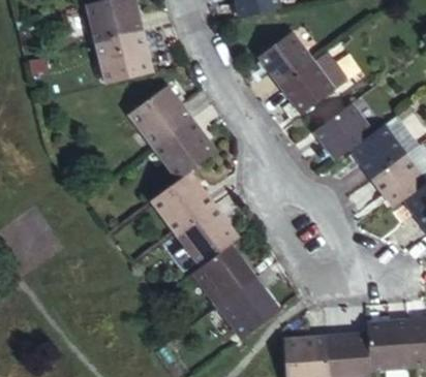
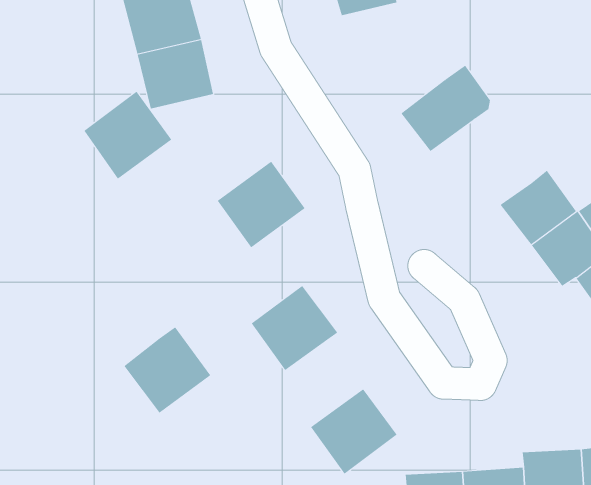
building: [258,31,312,86] -> none
building: [129,85,191,147] -> [83,91,172,180]
building: [314,105,372,160] -> none
building: [152,171,213,232] -> [124,326,211,414]
building: [193,244,255,305] -> none

